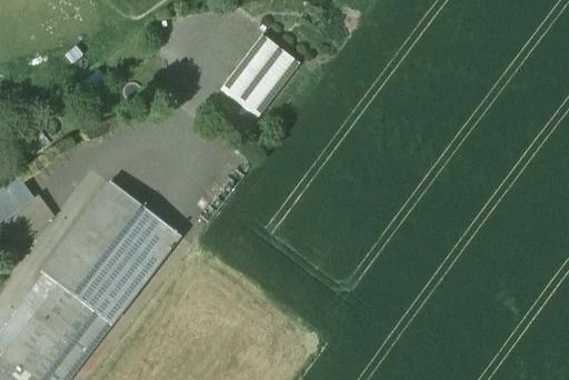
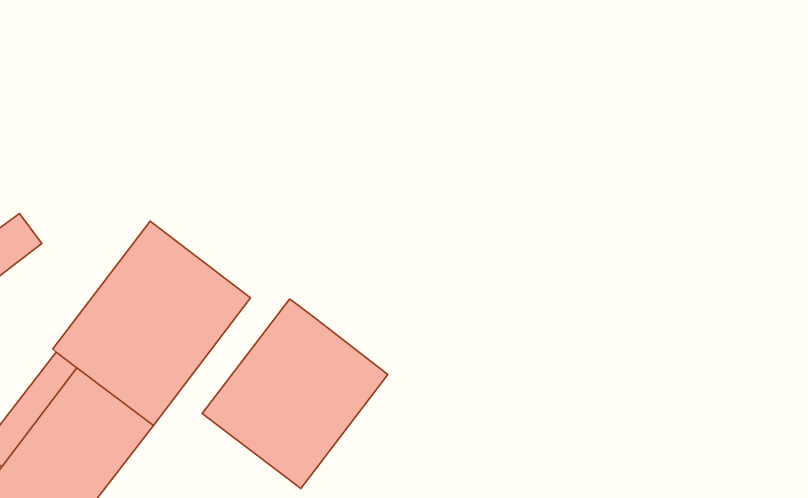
building: [220,36,298,118] -> none
building: none -> [202,299,388,489]

